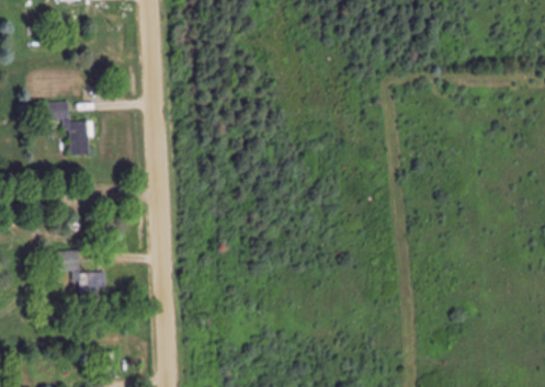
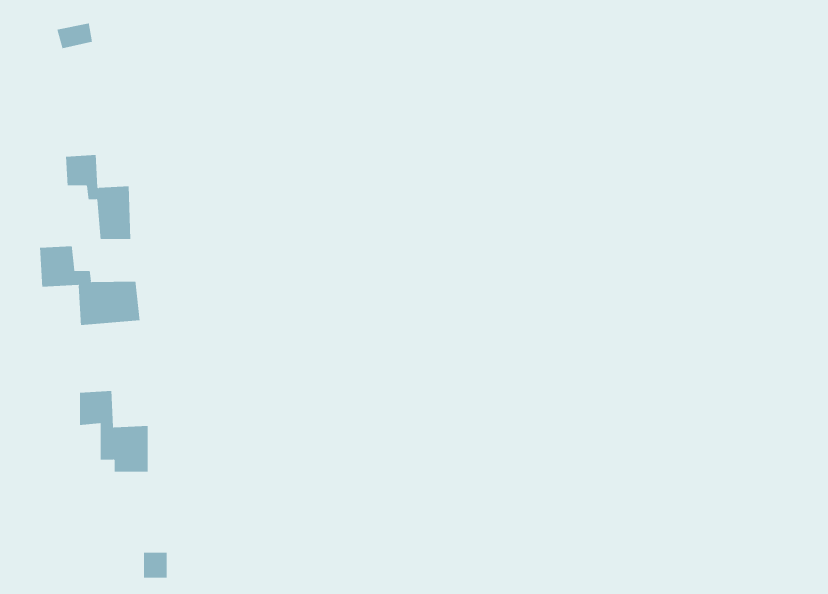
building: none -> [39,246,140,326]

